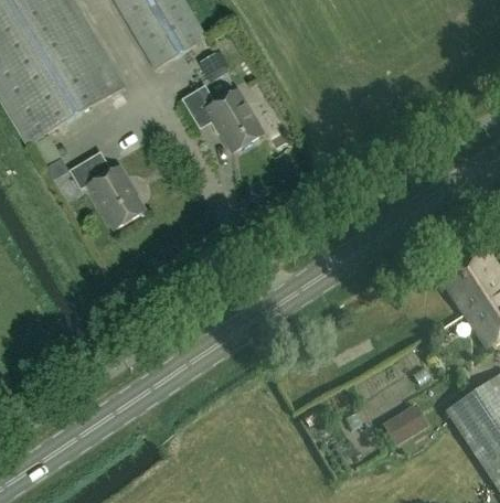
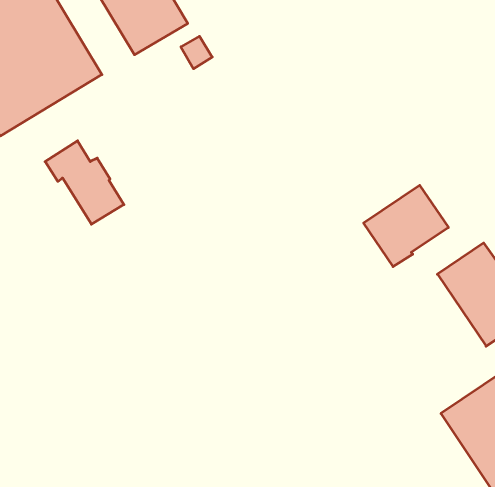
building: [181,85,262,153] -> none
building: none -> [364,185,448,267]
building: [382,408,418,443] -> none

